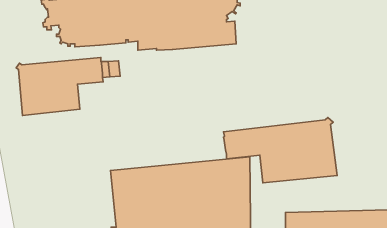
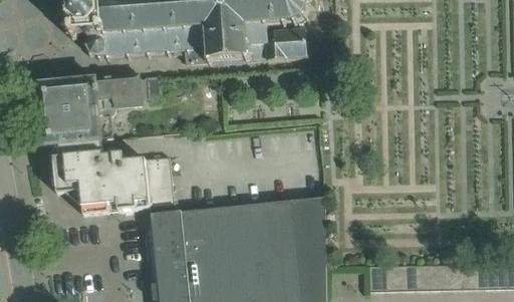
building: [223,118,337,183] -> none
building: none -> [51,150,173,215]

